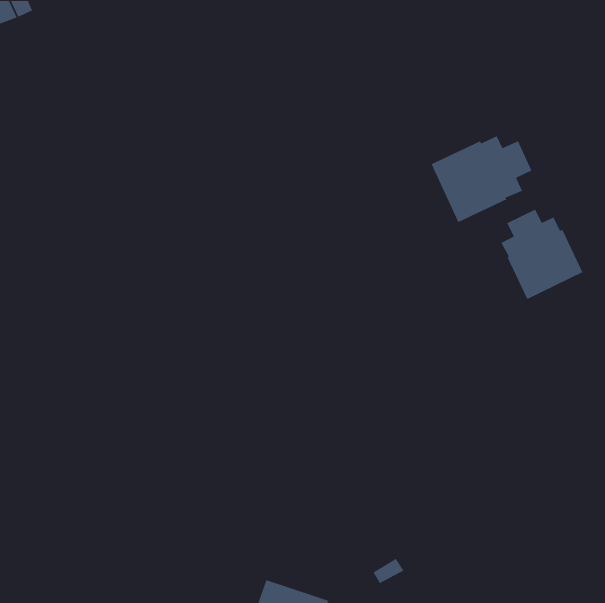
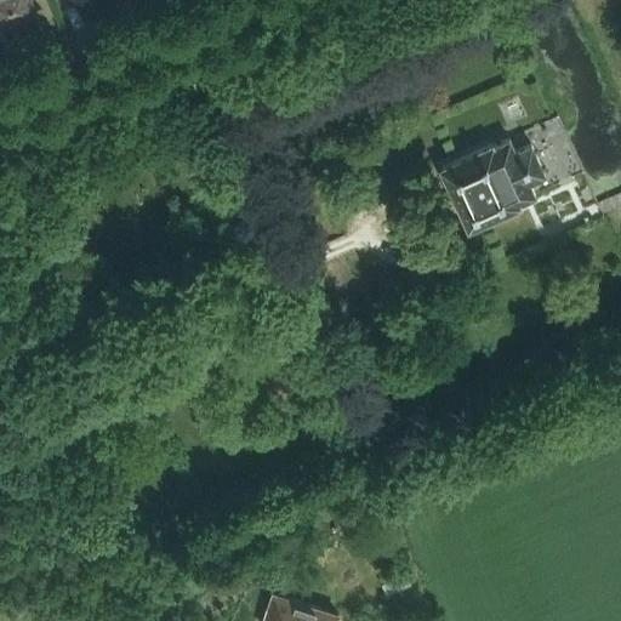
building: [500,208,584,300] -> none

